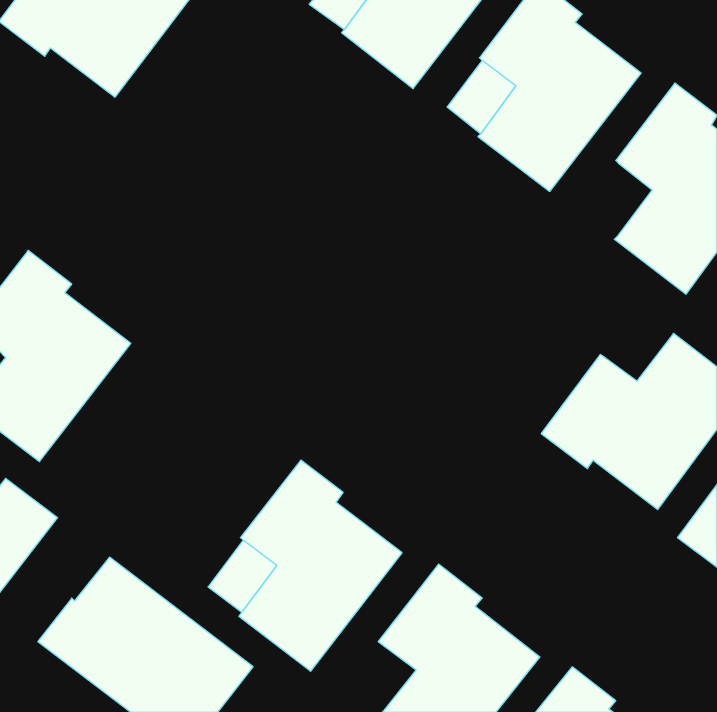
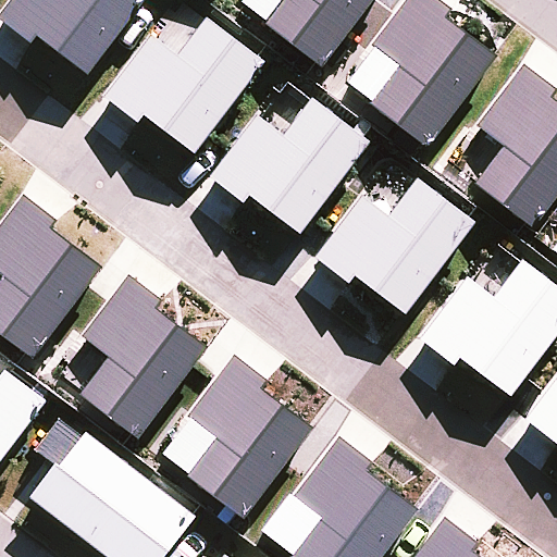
building: none -> [103,16,263,152]
building: none -> [209,96,369,232]
building: none -> [315,178,475,313]
building: none -> [82,275,208,438]

